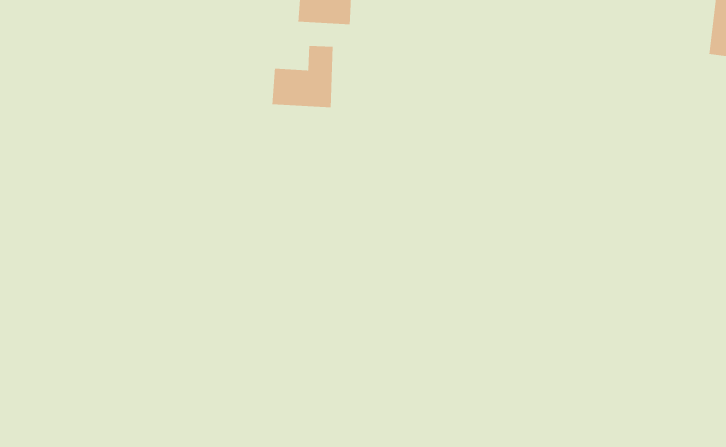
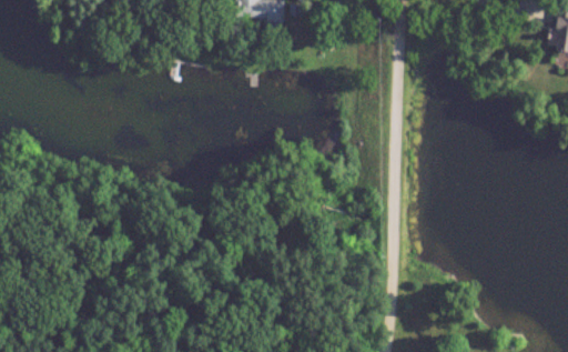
building: [271,45,334,108] -> none

